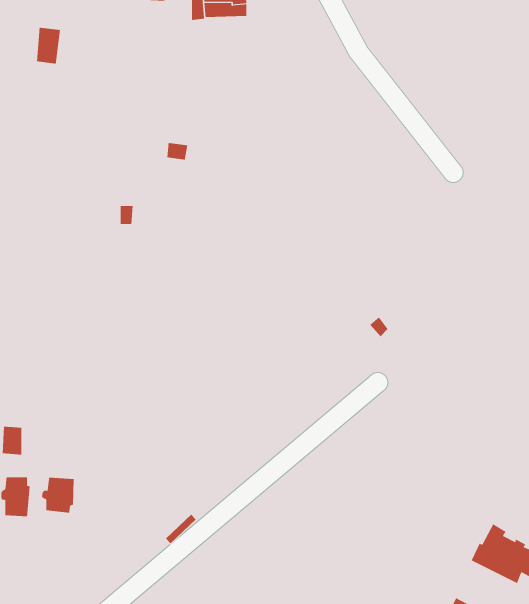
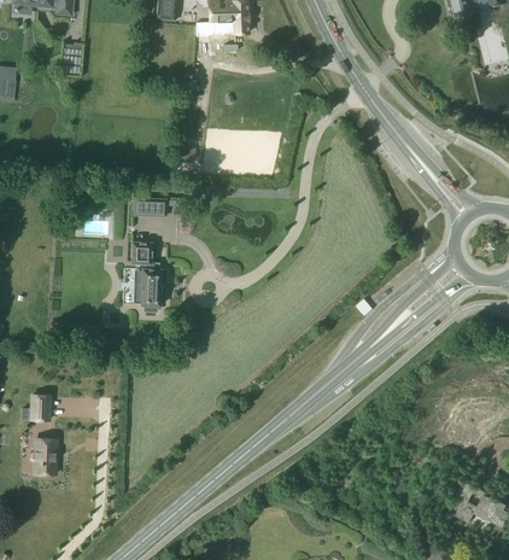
building: none -> [131,243,160,311]
building: [42,477,74,513] -> none

